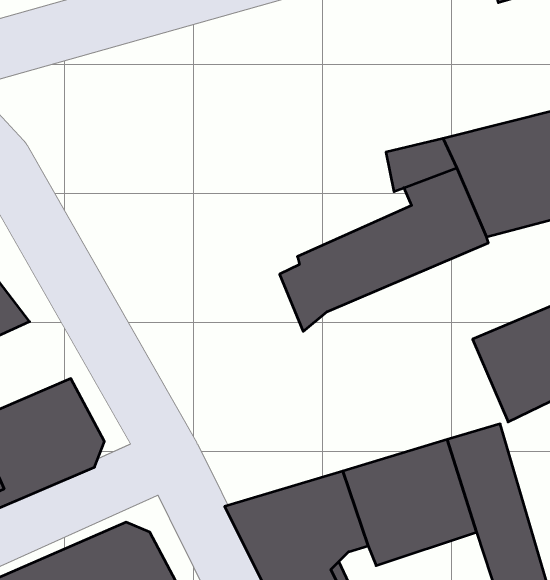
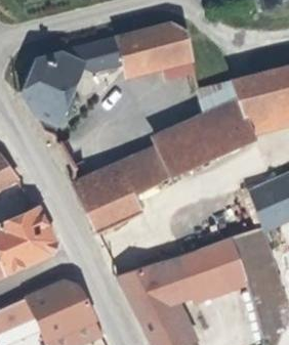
building: none -> [24,26,192,123]
building: none -> [71,145,159,232]

